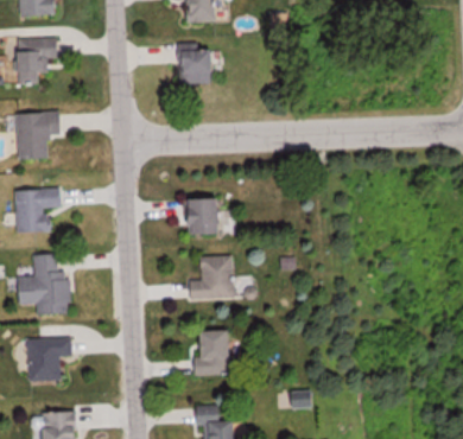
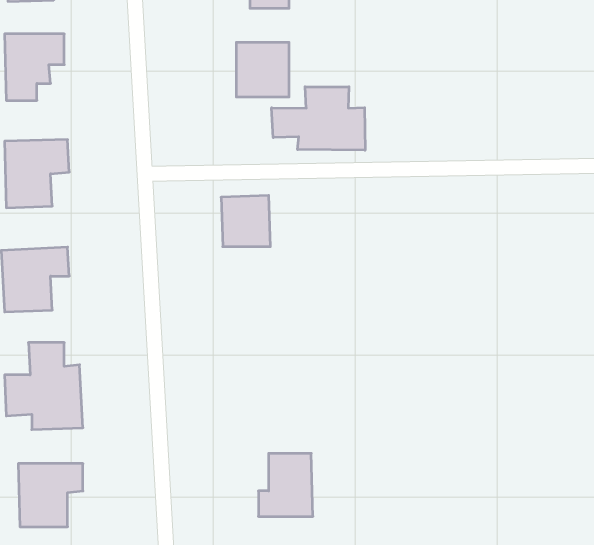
building: none -> [272,87,365,150]
building: [185,197,220,233] -> [221,195,270,247]
building: [186,255,230,298] -> none

